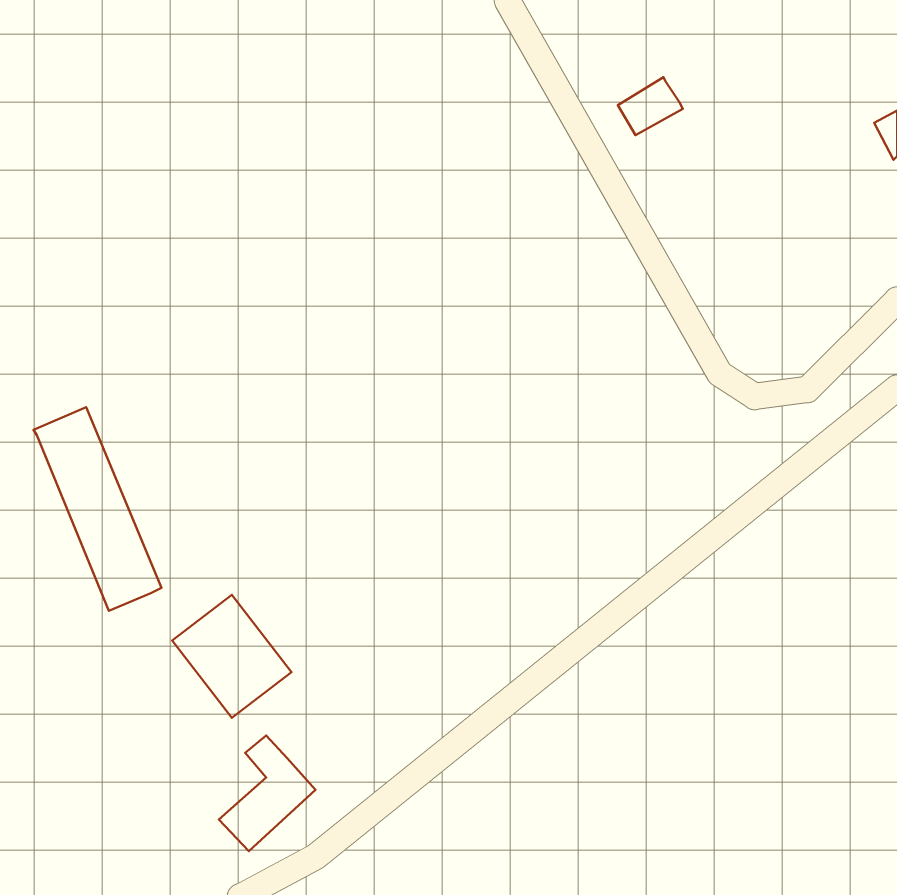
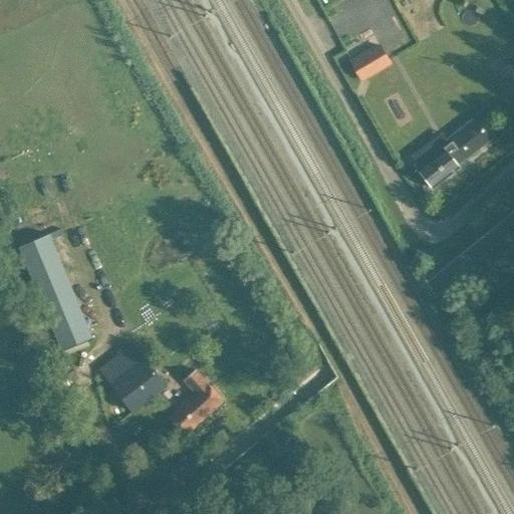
building: none -> [411,118,491,189]
building: [219,735,315,851] -> [169,369,224,436]

